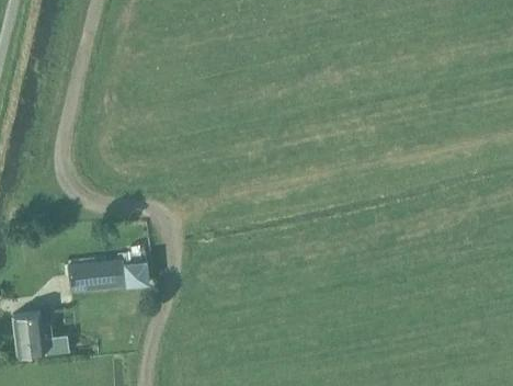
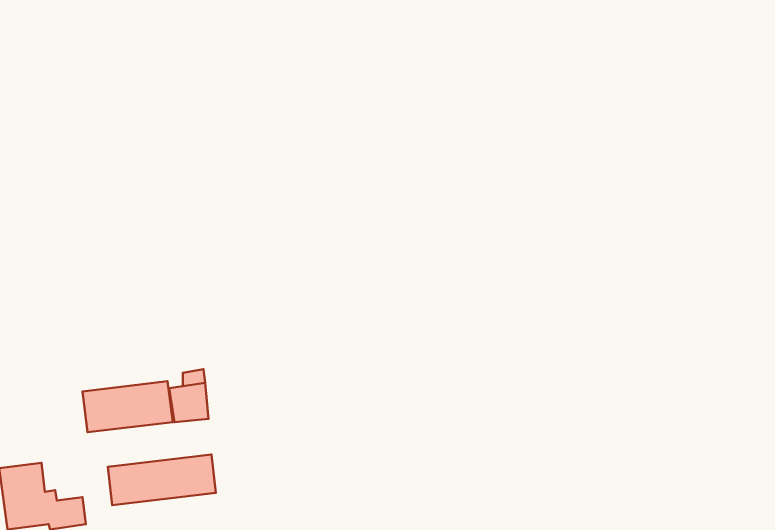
building: none -> [108,454,216,505]

